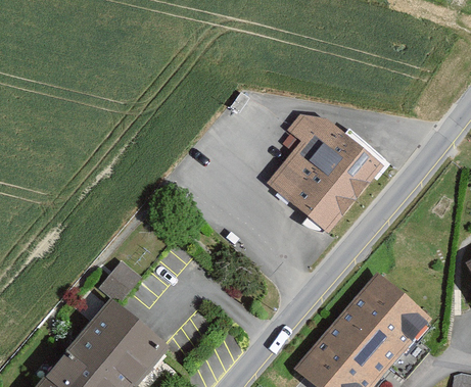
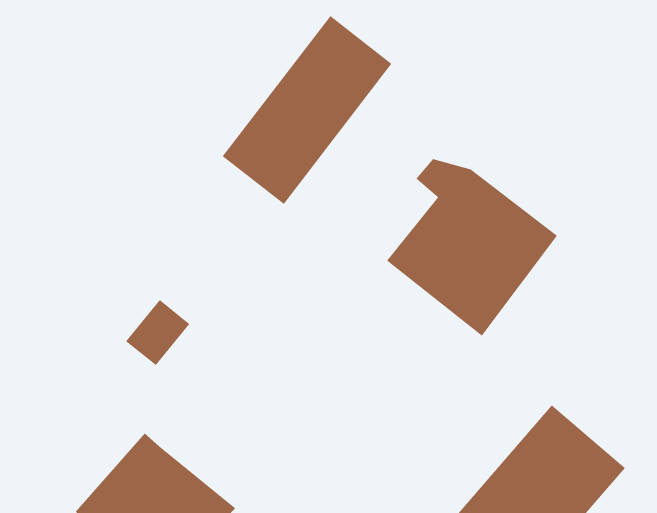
building: none -> [222,15,392,205]
building: [98,258,141,302] -> [125,299,190,366]

